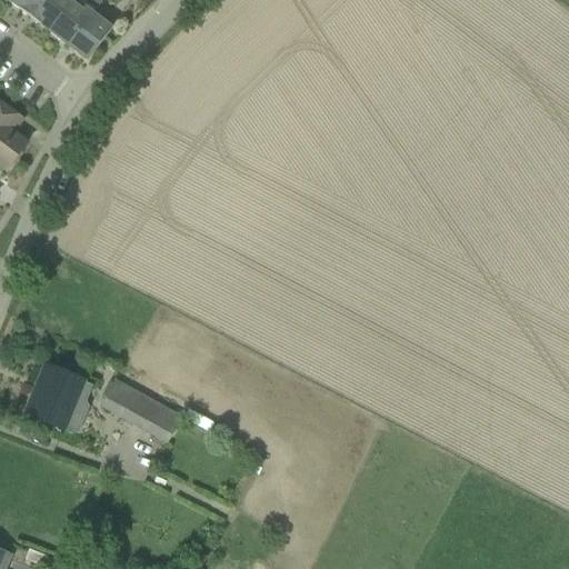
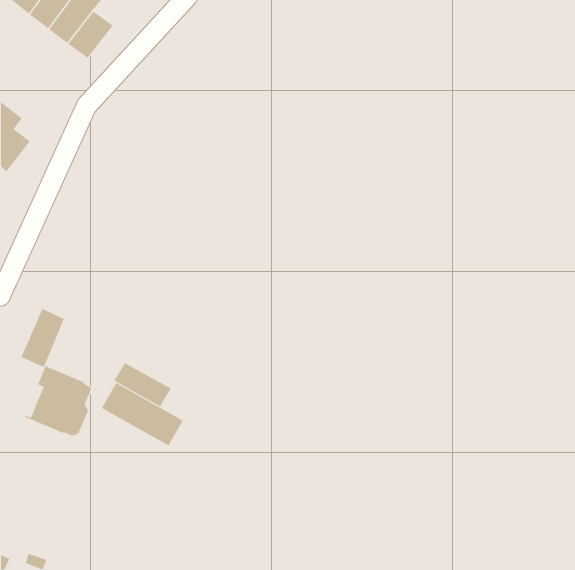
building: none -> [21,308,64,368]
building: none -> [113,363,171,408]

